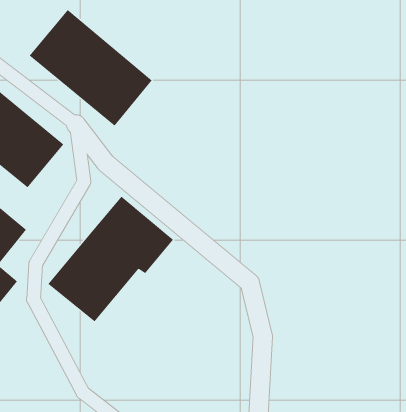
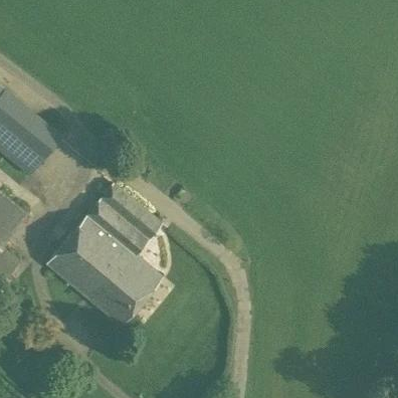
building: [29,9,152,126] -> none
building: none -> [90,250,163,325]

